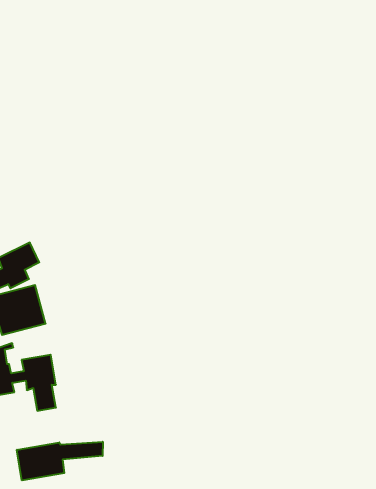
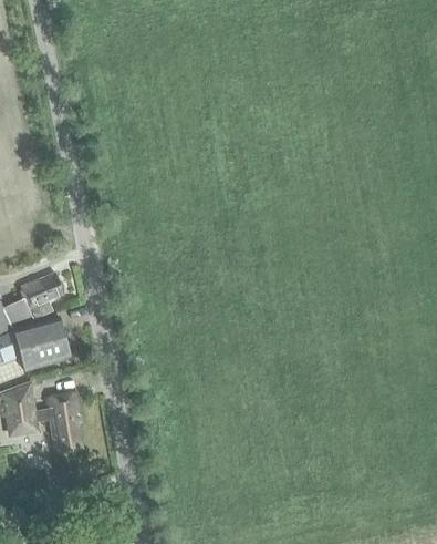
building: [17,442,103,480] -> none

